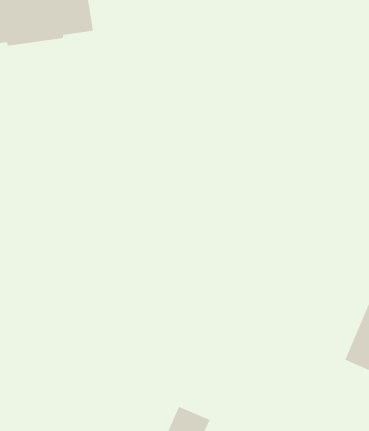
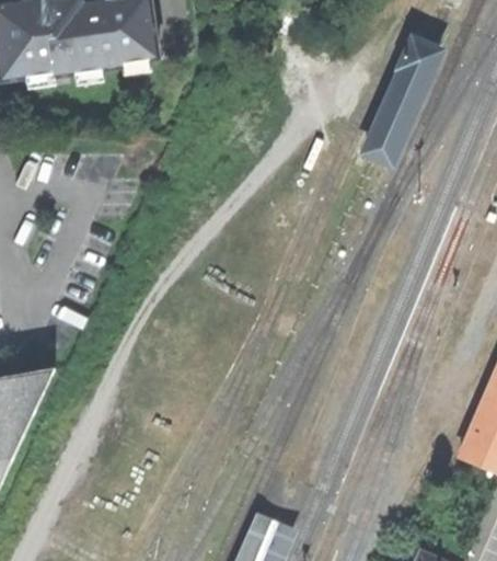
building: none -> [368,37,442,162]

